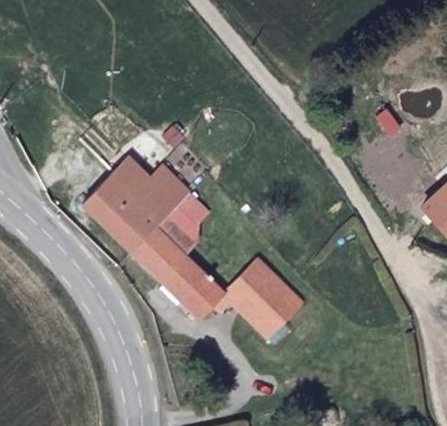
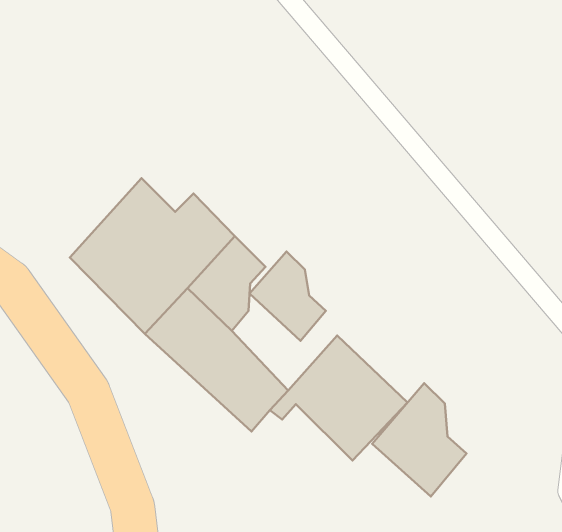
building: none -> [250,251,326,341]
building: none -> [372,383,467,496]

